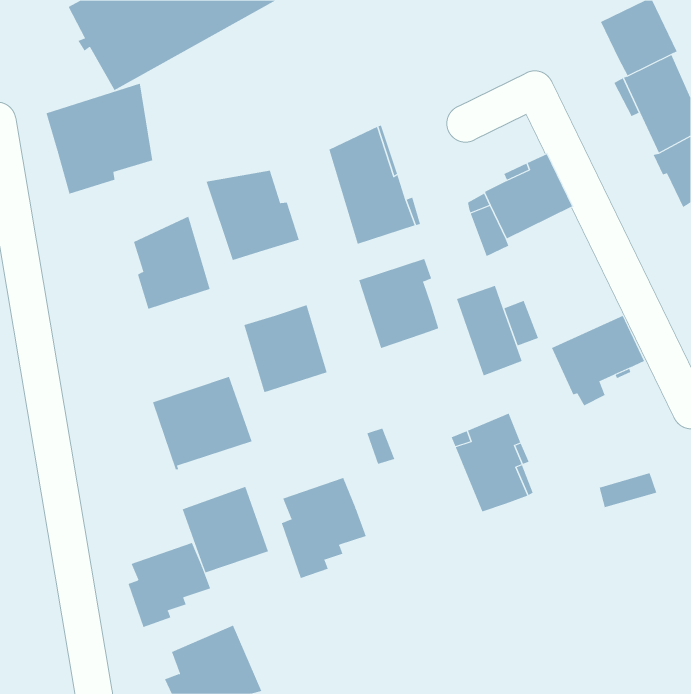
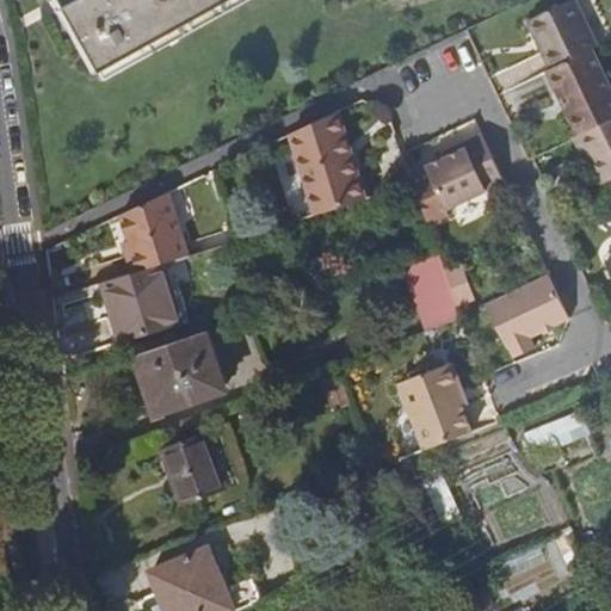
building: [46,83,153,194] -> none
building: [206,170,300,261] -> none
building: [358,258,439,349] -> none
building: [243,304,328,393] -> [103,263,177,340]
building: [281,477,367,579] -> none
building: [128,542,211,628] -> none

